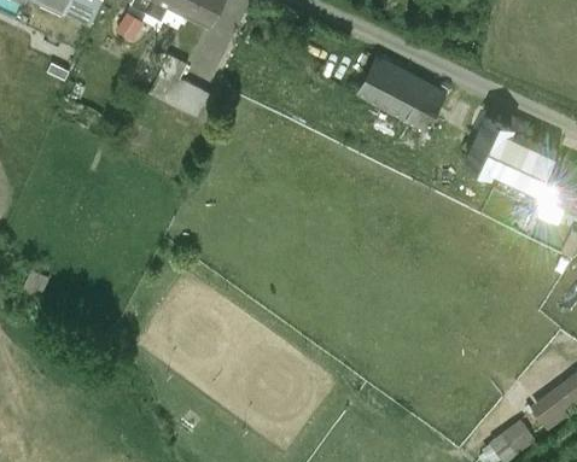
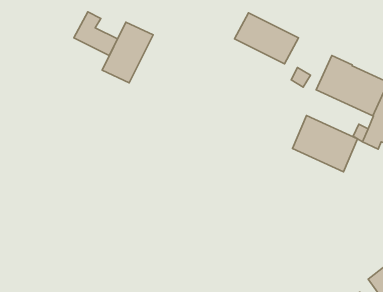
building: none -> [102,22,153,83]
building: none -> [292,116,358,172]

